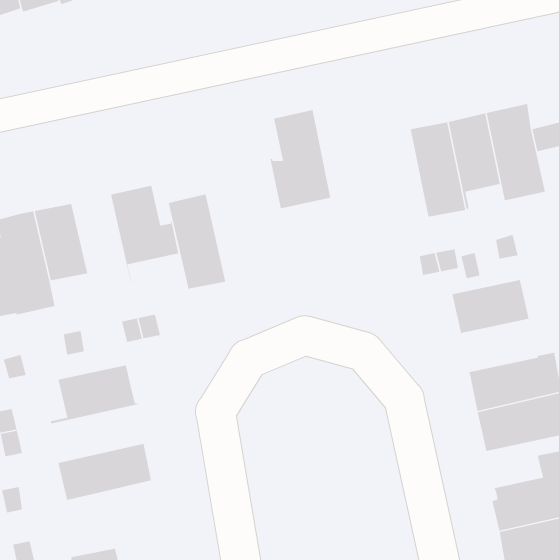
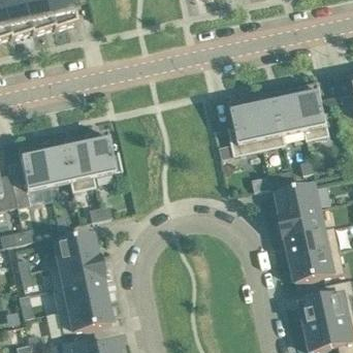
building: [269,109,331,209] -> [227,99,262,156]
building: [168,193,226,290] -> [60,136,93,191]
building: none -> [279,207,324,239]
building: none -> [47,256,102,289]
building: none -> [57,299,110,333]

